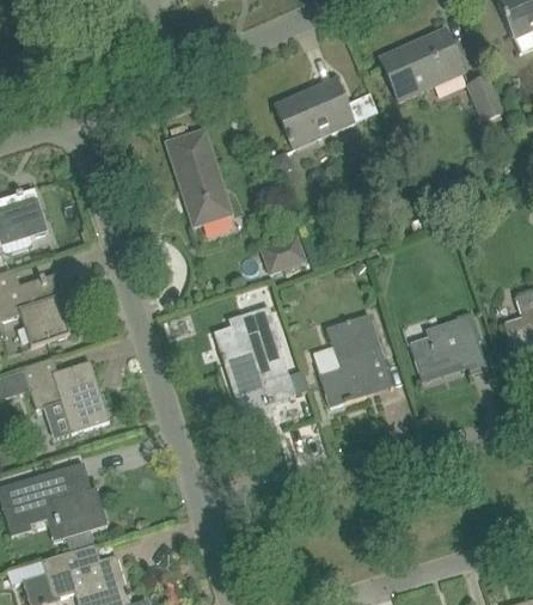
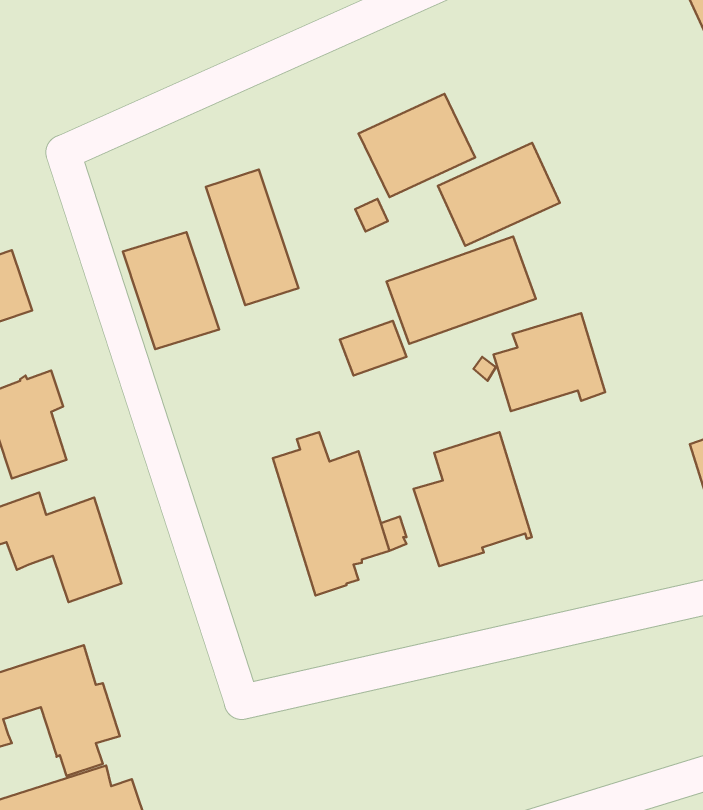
building: [379,28,464,99] -> [438,143,560,246]
building: [467,74,502,118] -> none
building: none -> [123,232,219,349]
building: none -> [386,237,536,344]
building: [410,313,488,381] -> [494,313,605,411]

